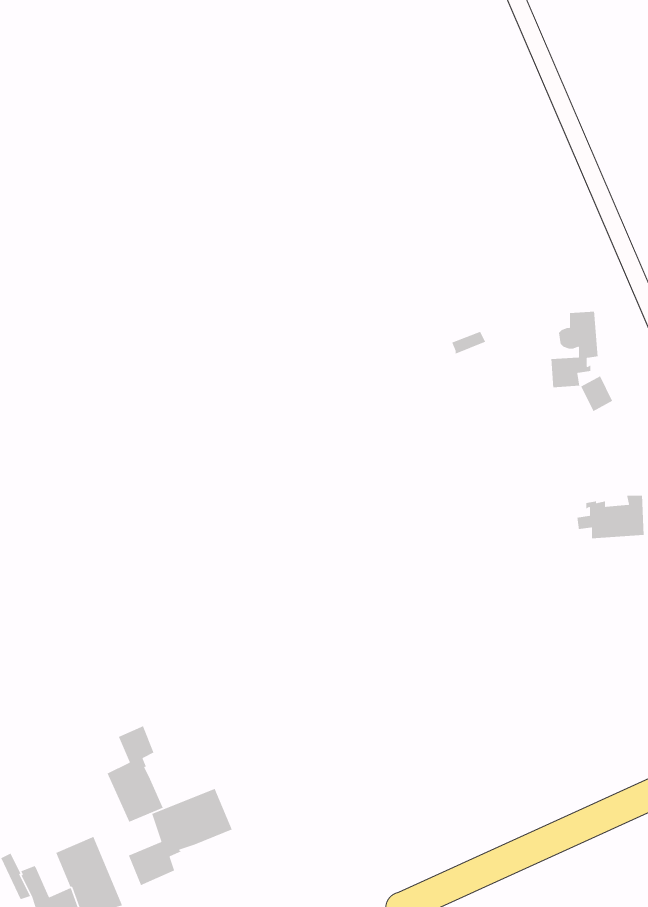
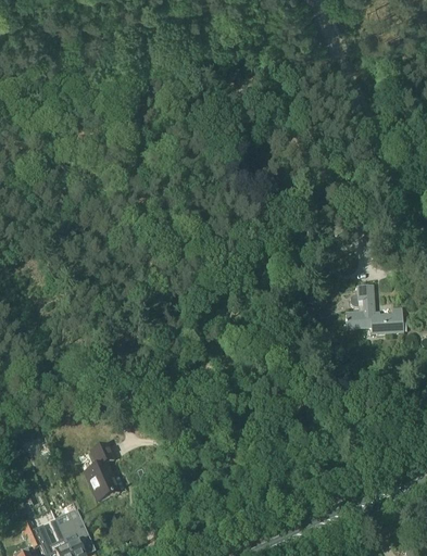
building: [551,311,599,388] -> [346,285,374,330]
building: [128,788,233,886] -> none

